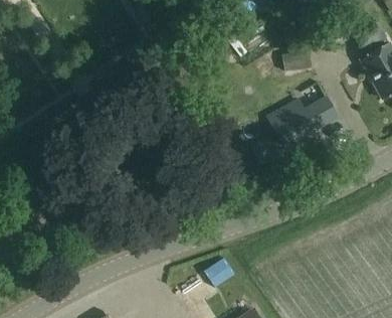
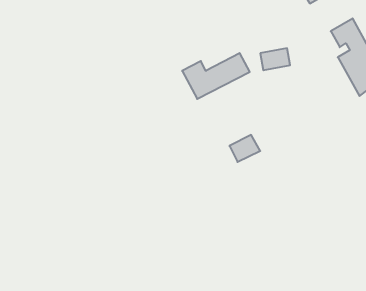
building: [268,97,337,143] -> [182,53,250,99]

